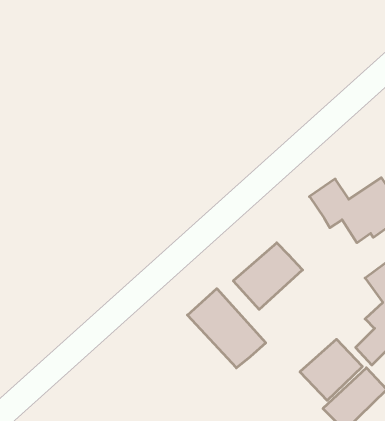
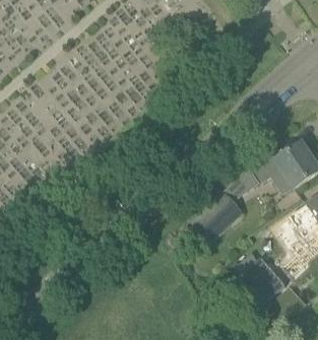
building: none -> [224,165,260,199]
building: [187,289,266,368] -> none

